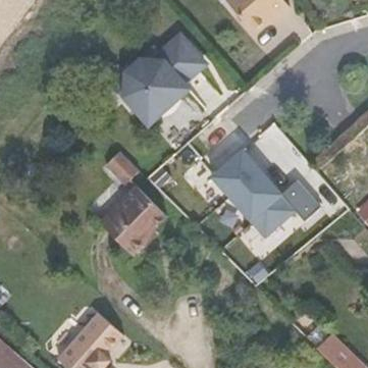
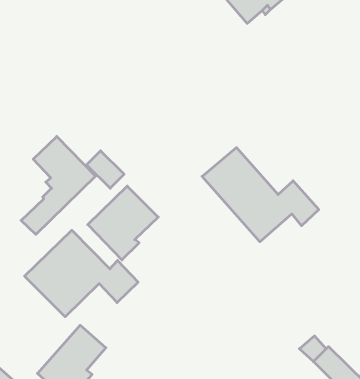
building: [112,35,204,121] -> none
building: none -> [21,136,96,234]
building: none -> [25,230,138,317]

